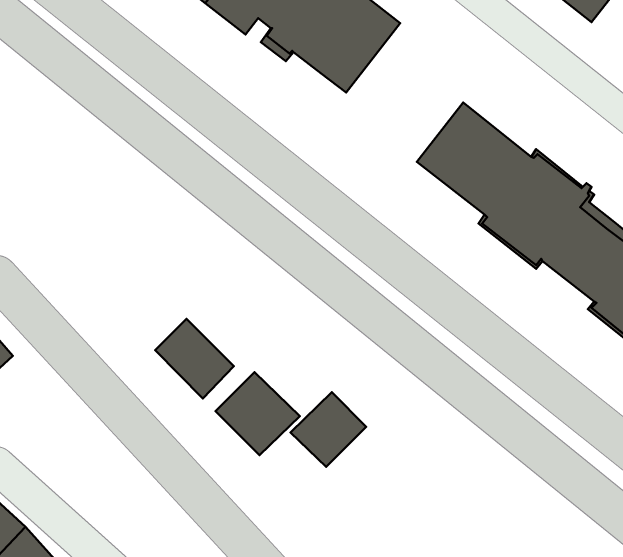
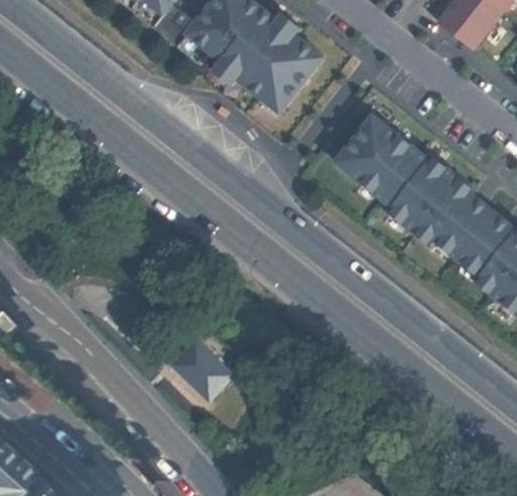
building: [155,319,234,399] -> none
building: [291,392,366,467] -> none

